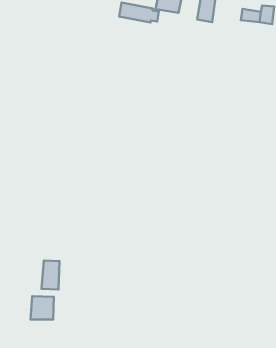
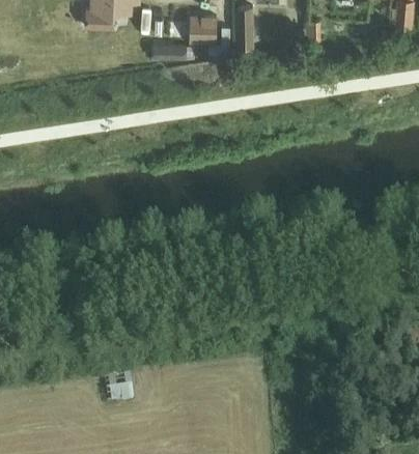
building: [42,261,59,289] -> none

